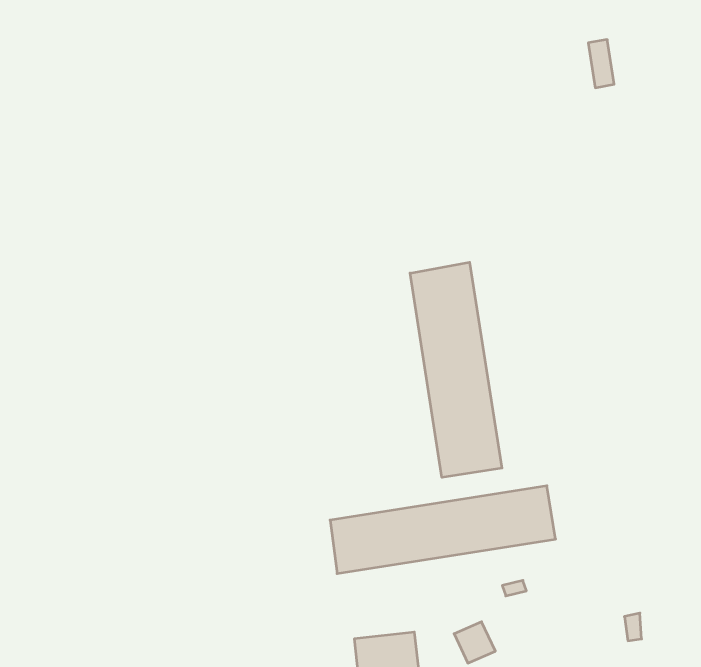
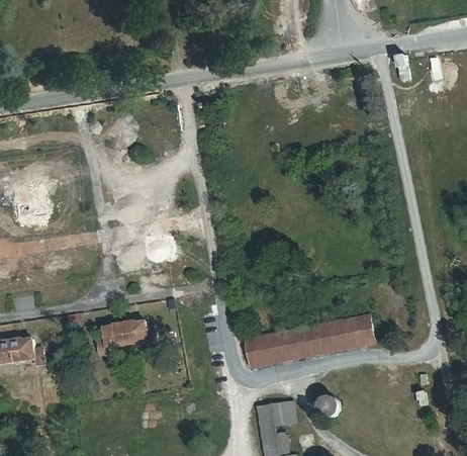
building: [410,262,502,477] -> none
building: none -> [97,317,156,351]

